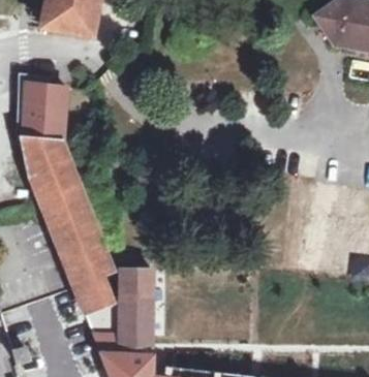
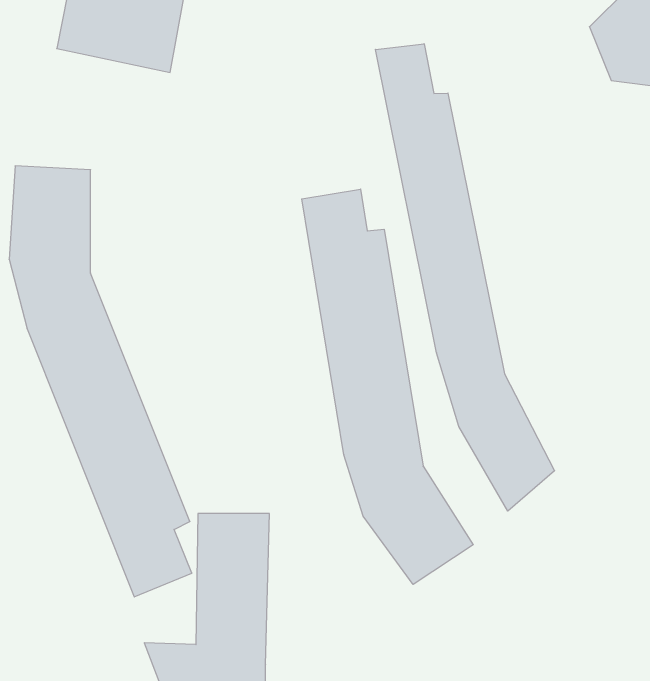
building: none -> [375,44,555,511]
building: none -> [302,189,473,584]

